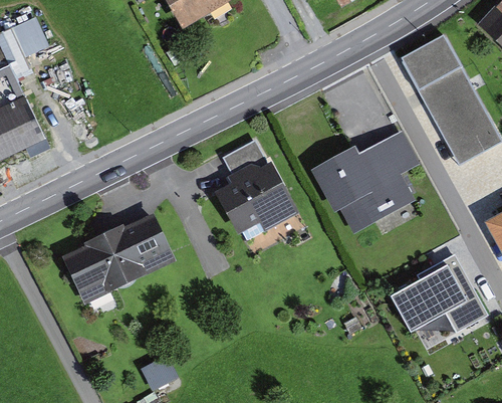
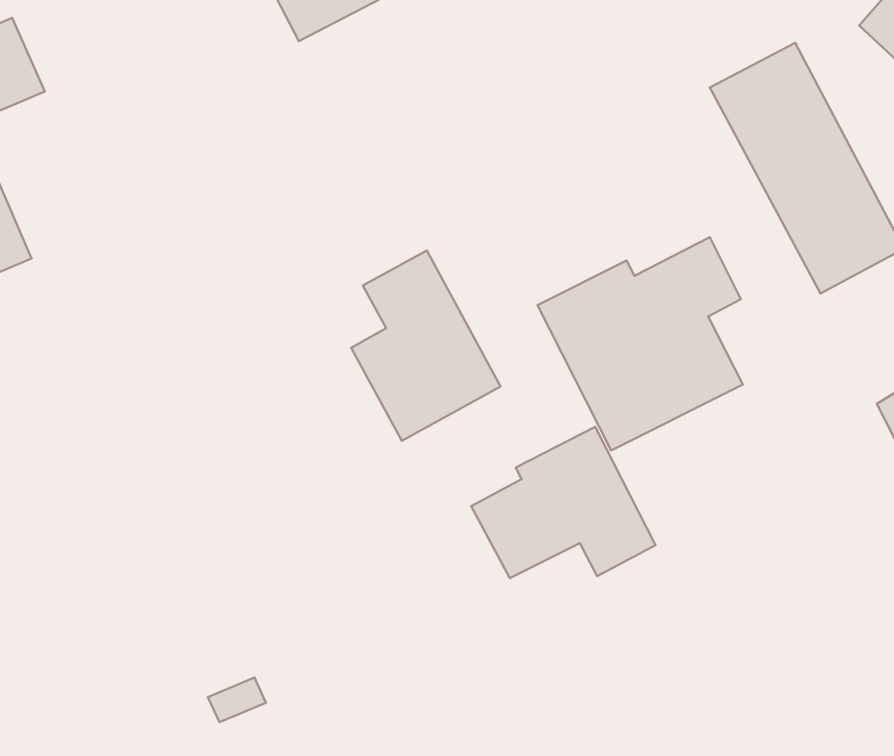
building: [67,214,180,306] -> none
building: [392,252,487,331] -> [471,427,655,578]

